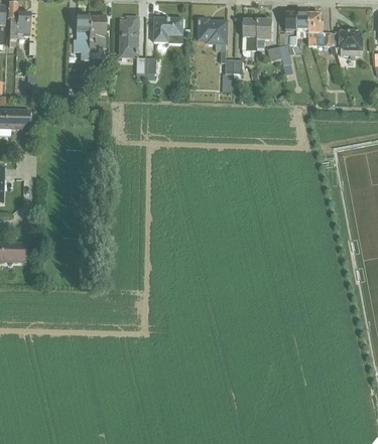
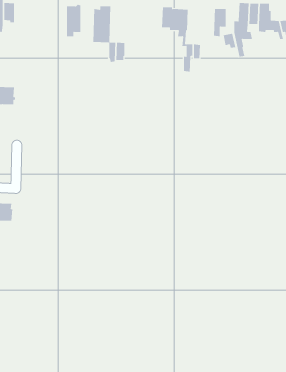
building: [72,15,88,58] -> none
building: [153,16,183,41] -> none
building: [241,18,257,55] -> none

